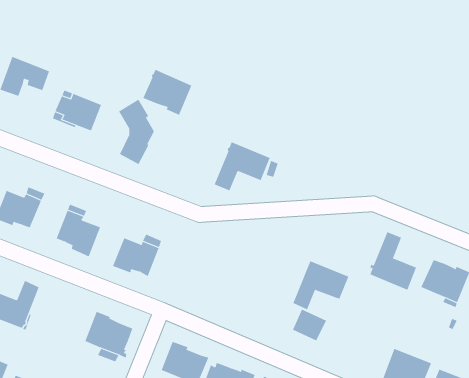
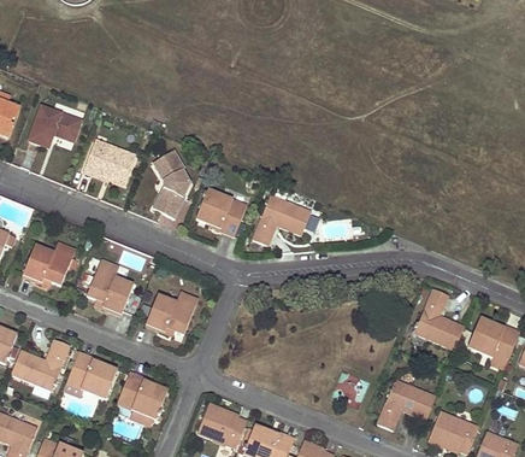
building: [143,69,192,115] -> [195,188,247,236]
building: [292,260,349,310] -> [377,379,436,430]
building: none -> [66,351,117,398]

